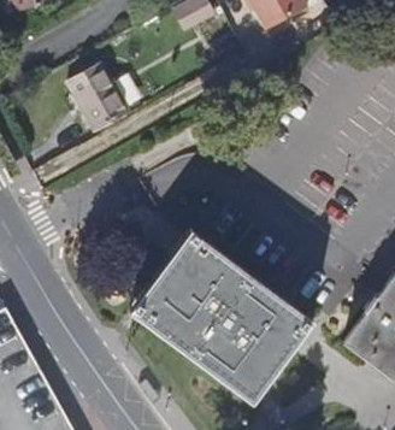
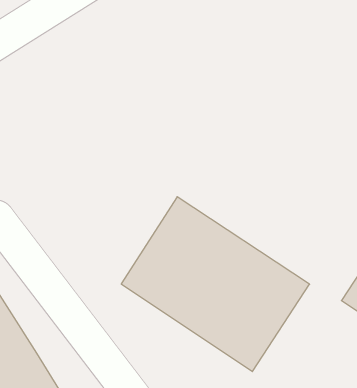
building: [71,66,130,132] -> none

